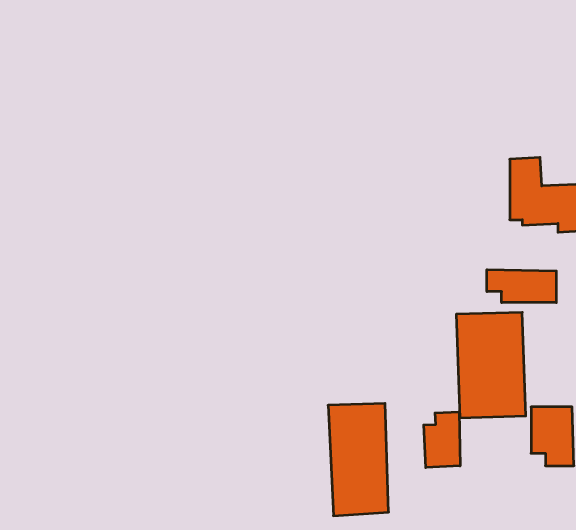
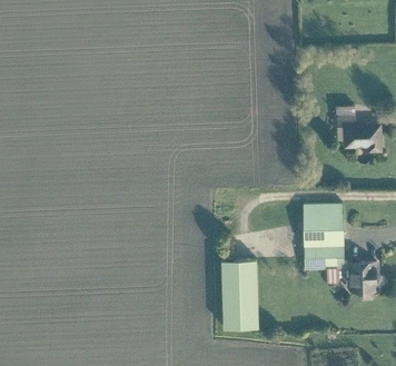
building: [487,270,556,303] -> none
building: [424,412,460,468] -> none

